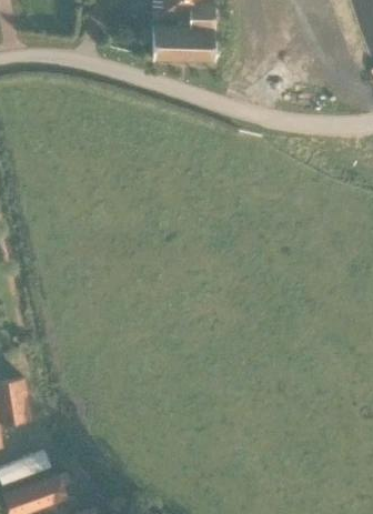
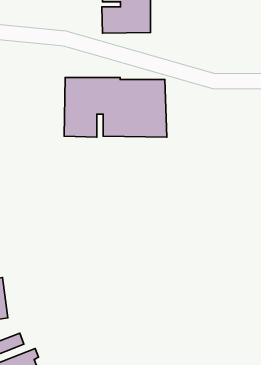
building: none -> [64,77,167,137]

